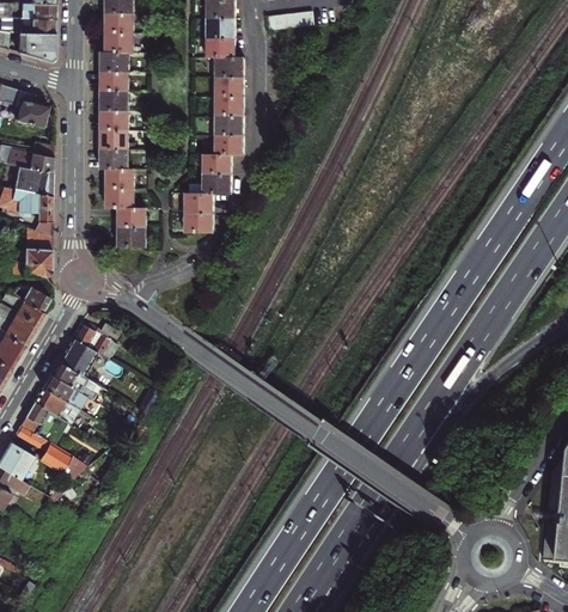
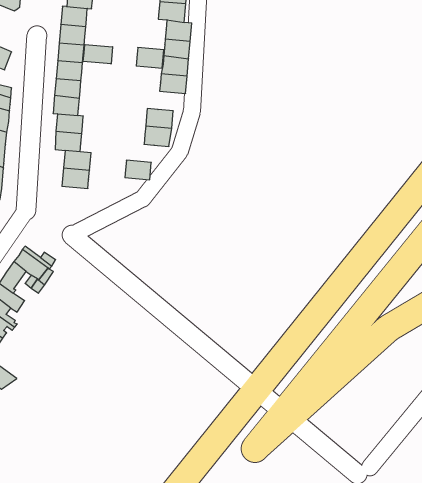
building: none -> [83,44,113,64]
building: [215,135,244,155] -> [136,48,164,68]
building: [185,194,214,214] -> none

